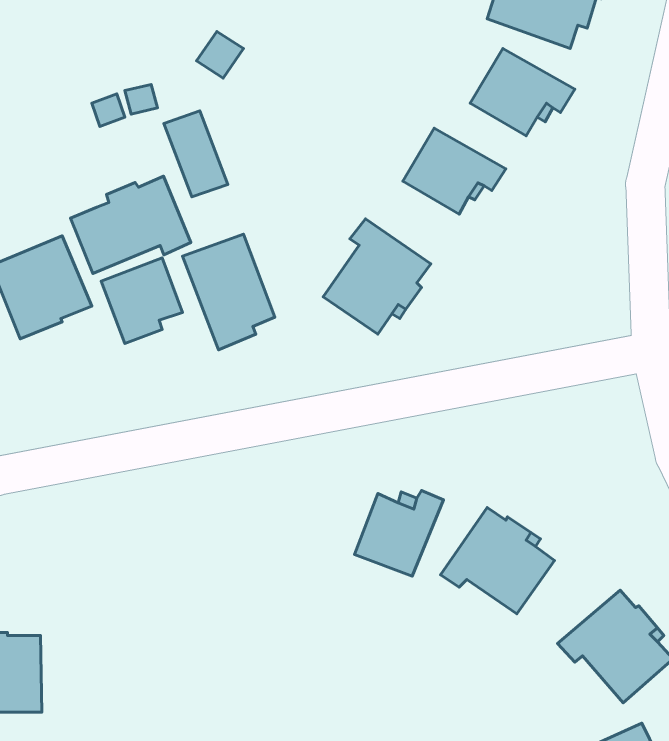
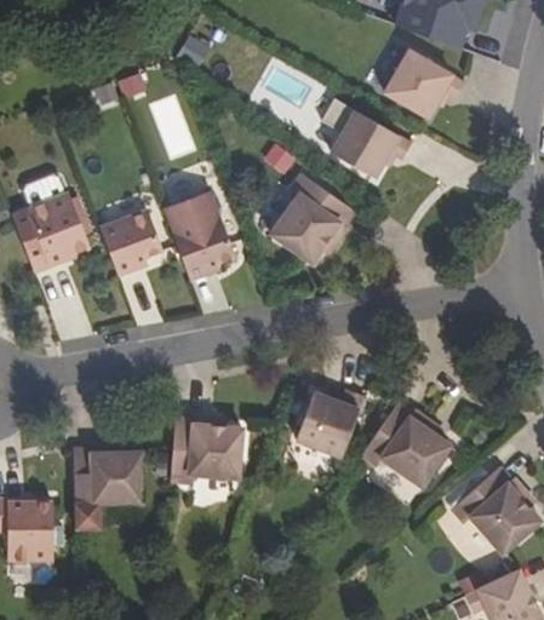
building: [70,176,191,273] -> none
building: none -> [172,415,244,482]
building: none -> [74,447,143,530]

